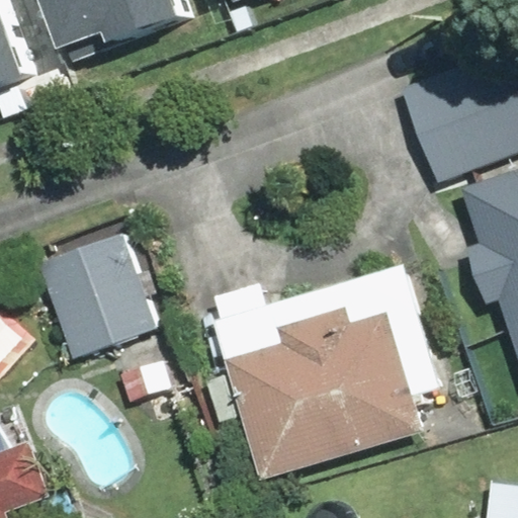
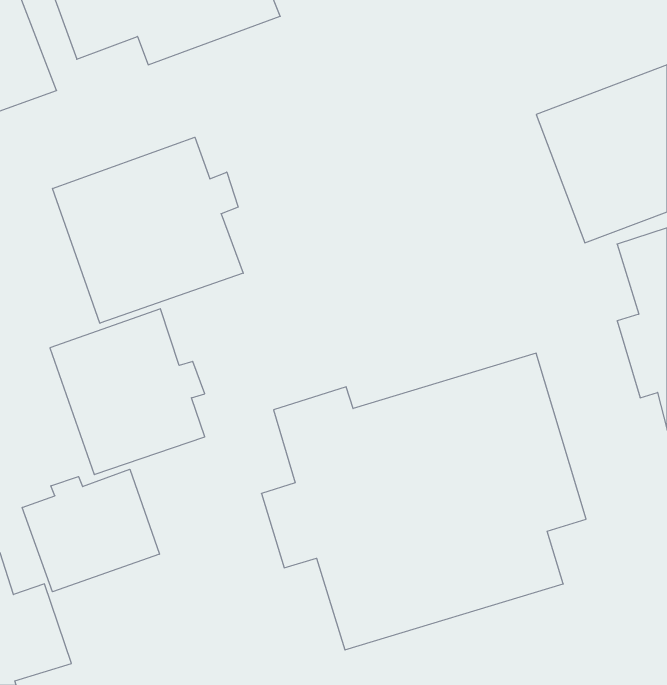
building: none -> [53,137,243,323]
building: none -> [22,469,159,592]

